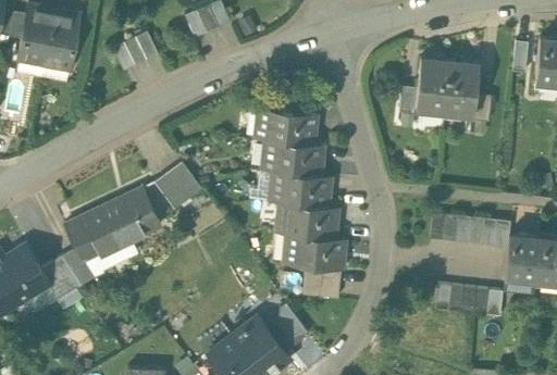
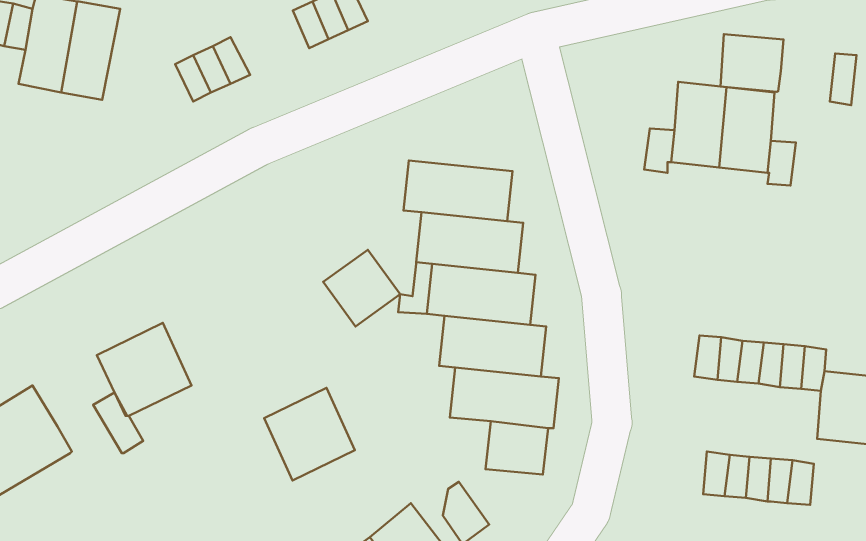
building: none -> [721,34,783,92]
building: [154,162,201,209] -> [323,250,400,326]
building: [106,187,161,243] -> [264,388,355,481]
building: [41,255,81,299] -> none

